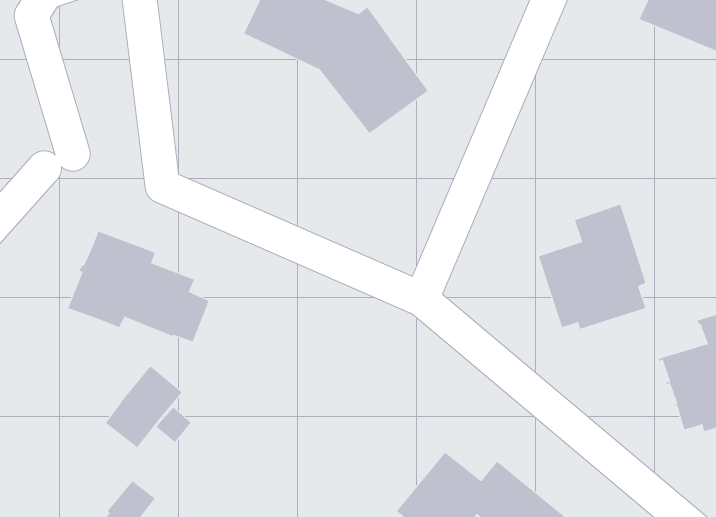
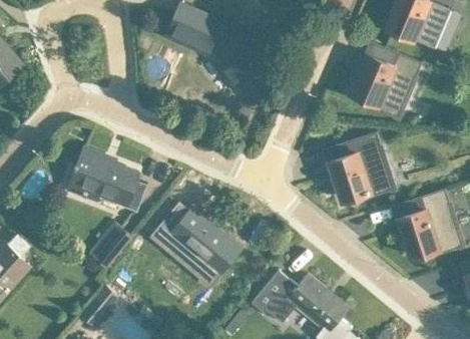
building: none -> [351,51,421,116]
building: none -> [153,205,240,282]

